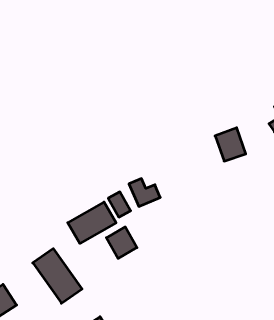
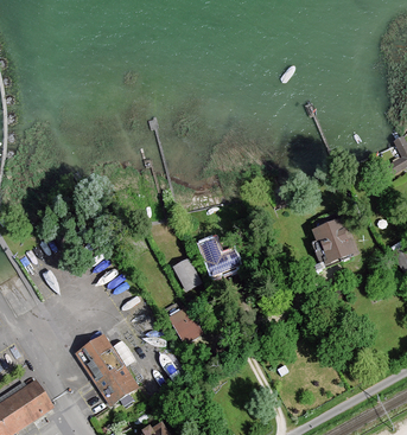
building: [215,128,246,161] -> [314,223,355,267]
building: [68,202,116,243] -> none

